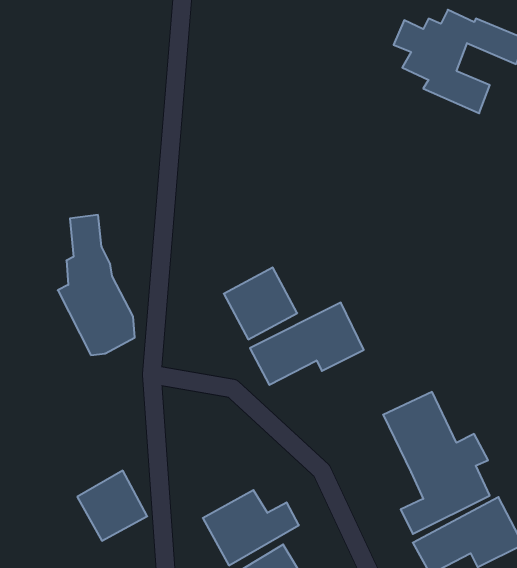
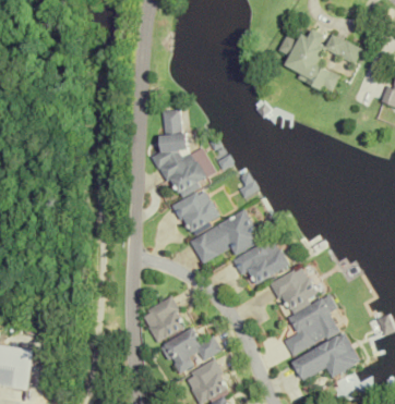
building: [58,215,135,355] -> [155,109,203,196]
building: none -> [234,236,290,285]
building: [77,471,147,541] -> [142,297,185,341]

